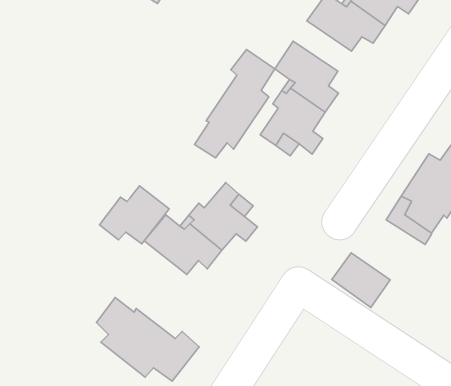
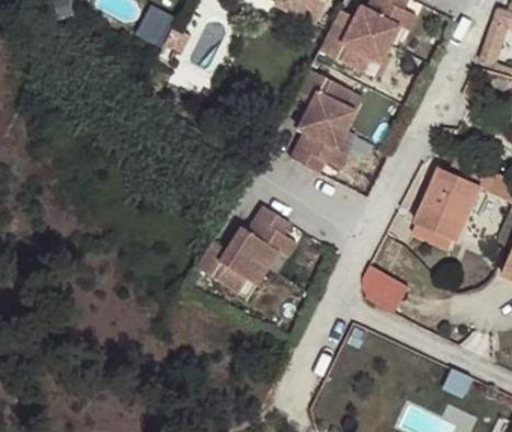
building: [194,49,275,158] -> none
building: [100,186,169,244] -> none
building: [96,298,199,381] -> none

